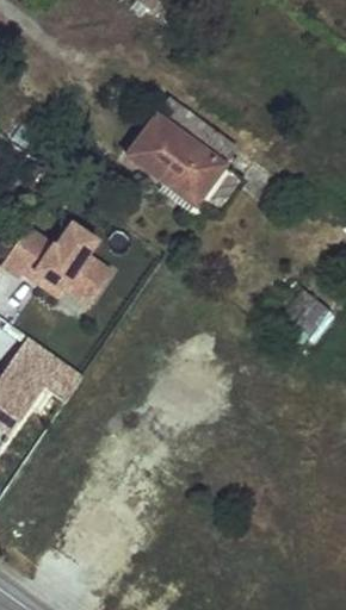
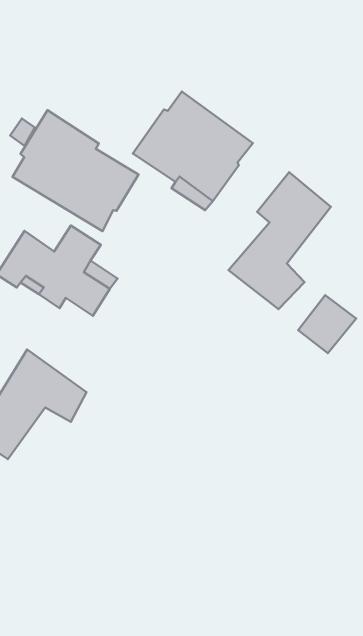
building: none -> [12,110,139,231]
building: none -> [228,172,331,309]

